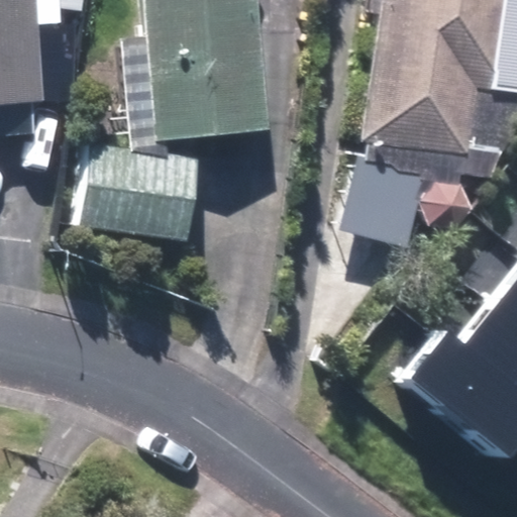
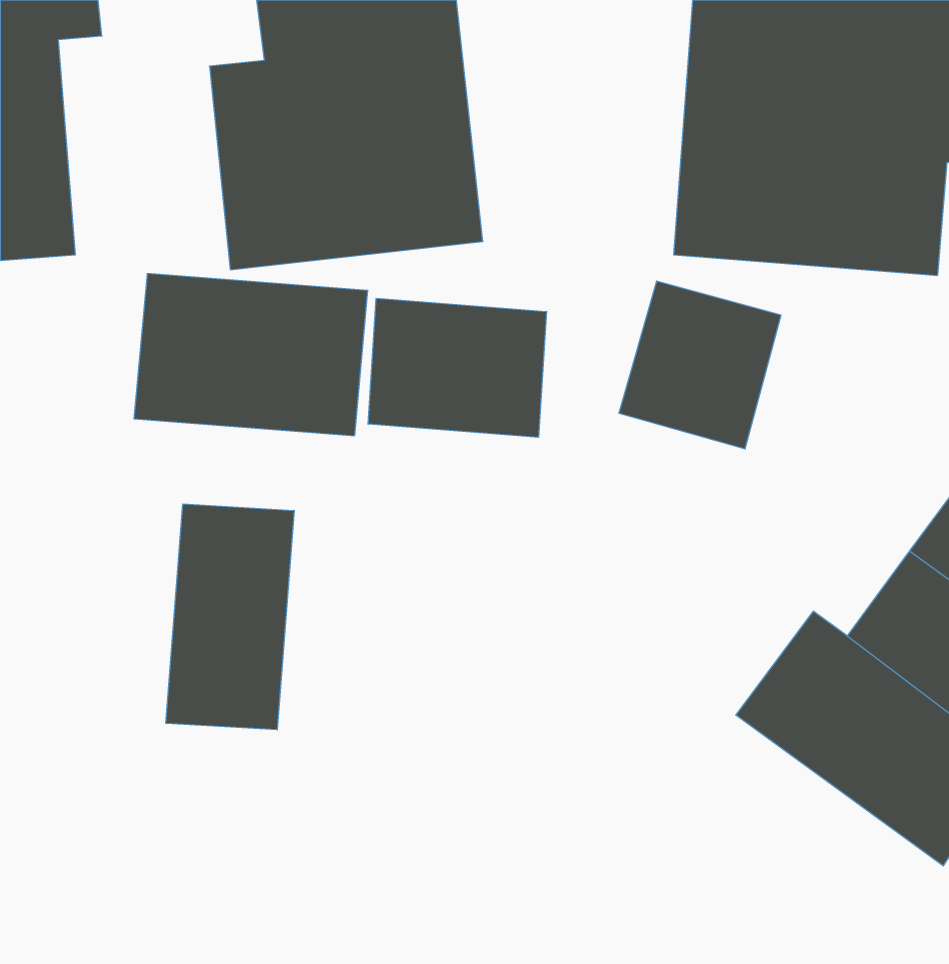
building: none -> [368,298,547,437]
building: none -> [166,504,294,730]

